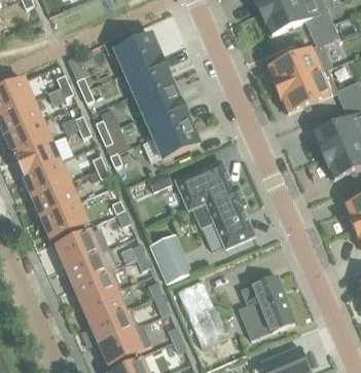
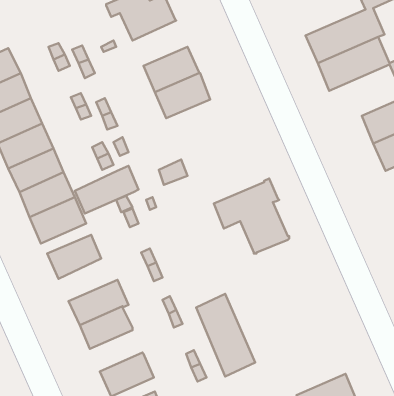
building: [124,55,170,92] -> none
building: [152,119,198,158] -> none
building: [175,159,232,209] -> none
building: [149,236,190,282] -> none
building: [64,247,116,286] -> [75,166,139,213]
building: [238,274,294,338] -> none
building: [89,306,138,343] -> none

